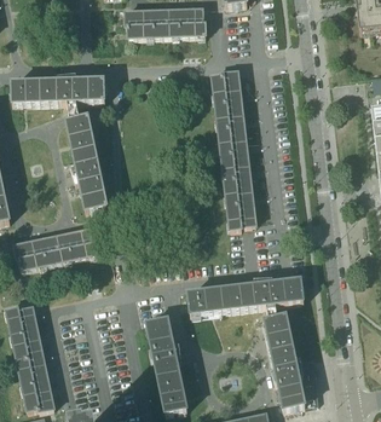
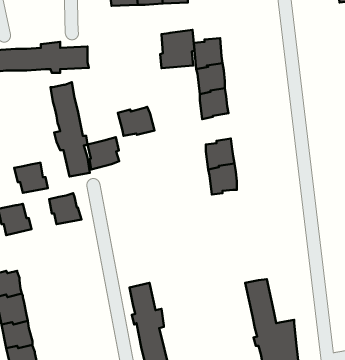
building: none -> [160,30,195,68]
building: none -> [118,107,155,136]
building: [220,148,249,179] -> none
building: none -> [88,137,119,169]
building: [39,235,73,265] -> [14,163,48,193]
building: [187,279,304,318] -> none

